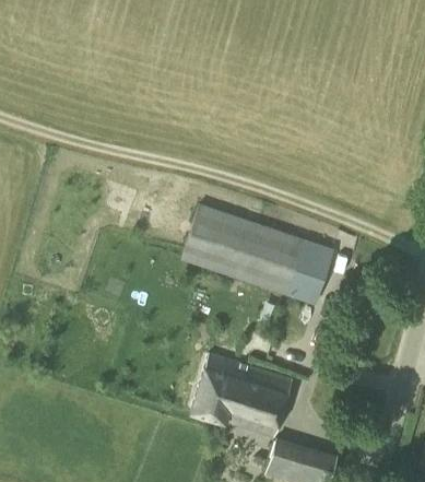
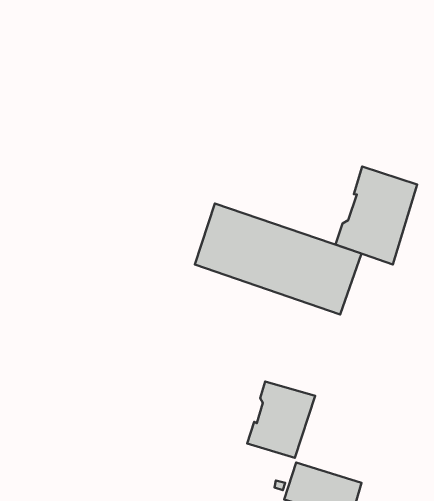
building: none -> [335,167,417,264]
building: [192,354,247,423] -> none

